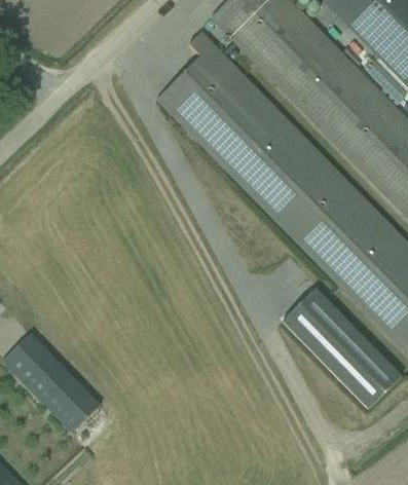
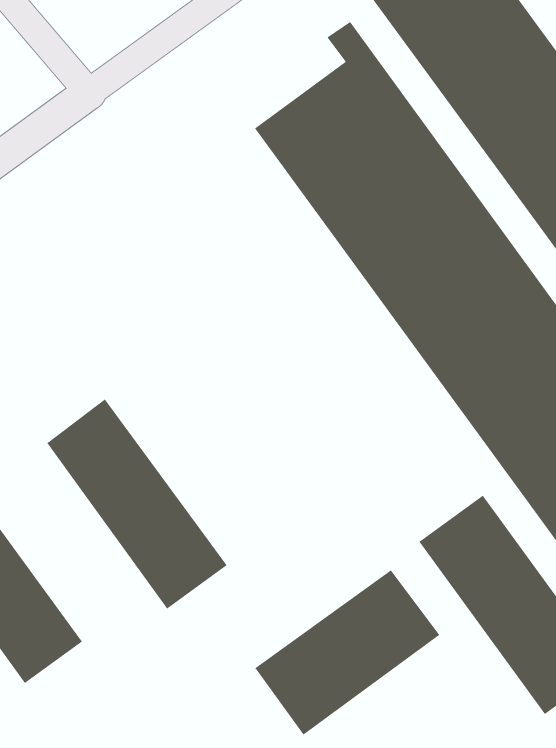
building: none -> [47,399,228,609]
building: none -> [254,569,440,736]

